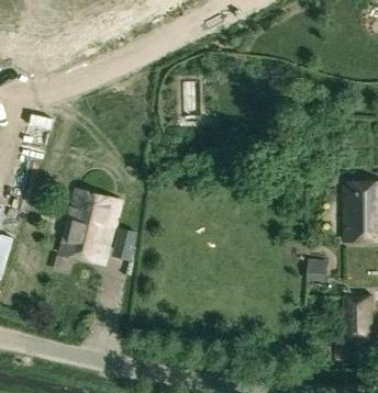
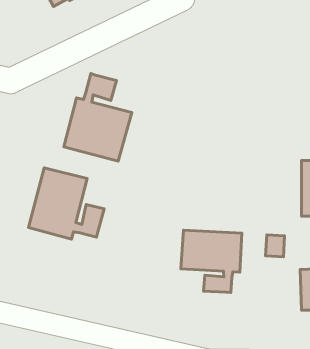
building: none -> [64,74,132,161]
building: none -> [181,230,242,293]

